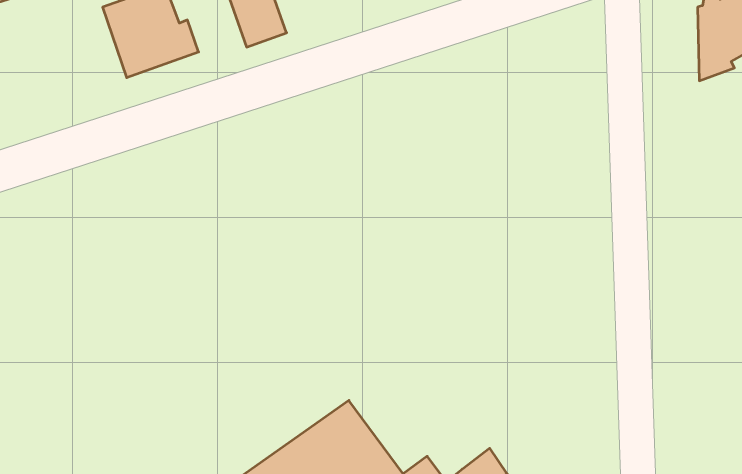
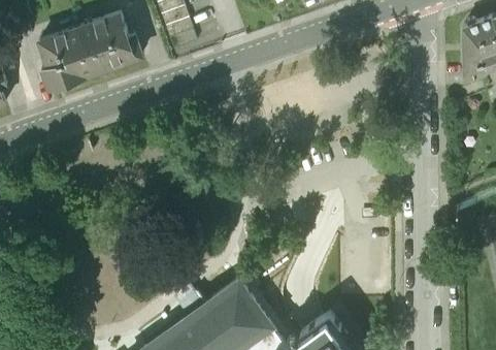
building: none -> [39,25,95,86]

